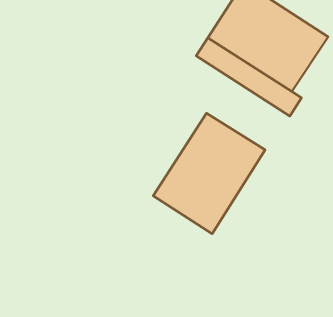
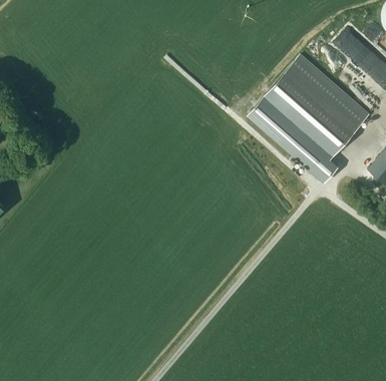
building: [153,113,265,234] -> none

